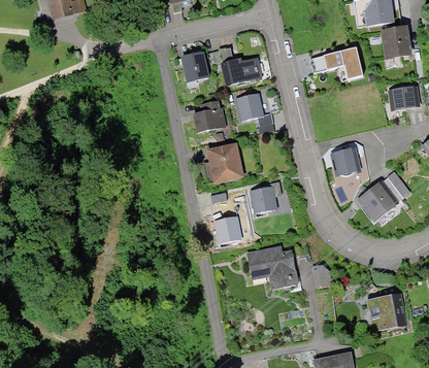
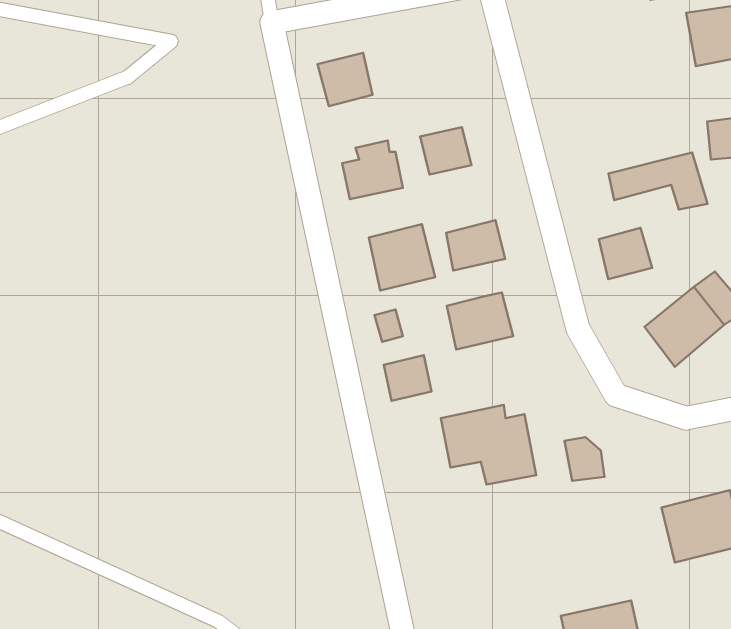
building: [312,45,366,76] -> [609,153,707,210]
building: [223,58,261,86] -> none
building: none -> [446,220,505,271]

